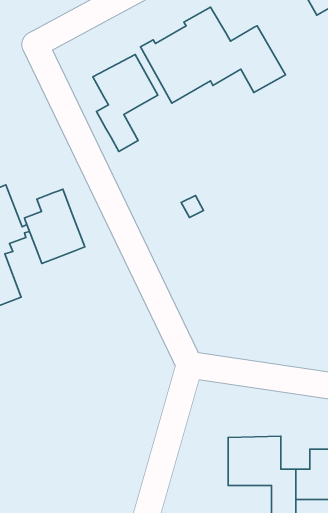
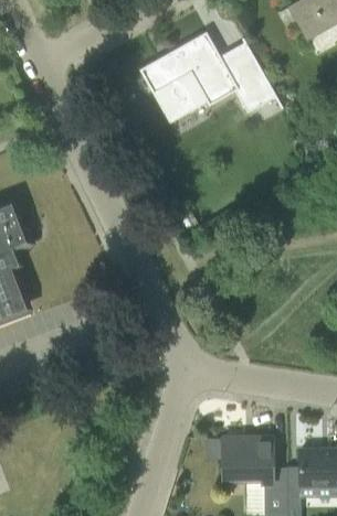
building: [93,54,158,151] -> none
building: [24,189,85,263] -> none

